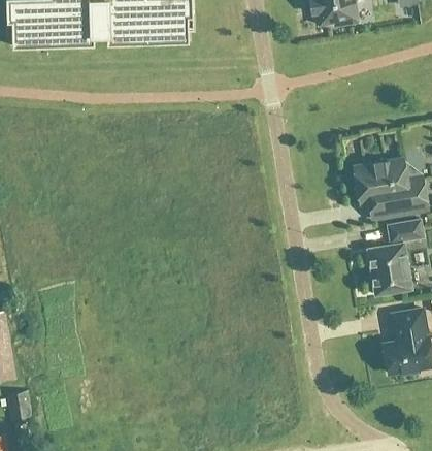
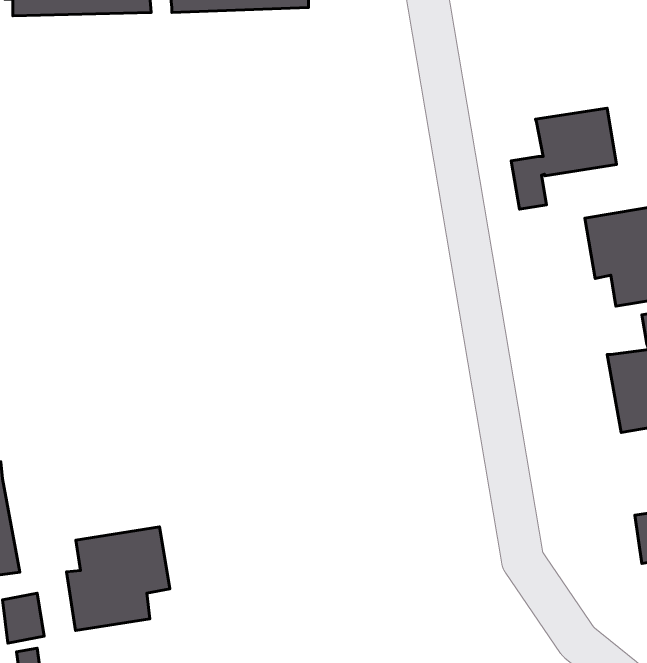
building: none -> [511,108,616,209]
building: none -> [66,527,170,631]

